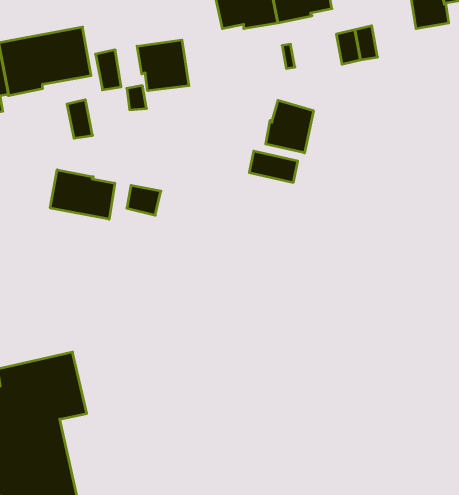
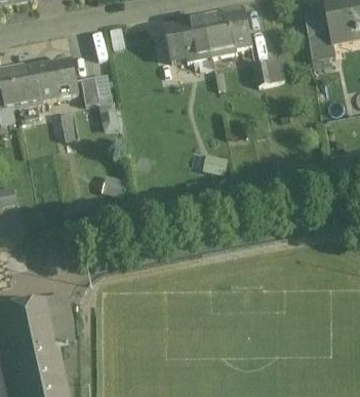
building: [137,40,189,91] -> none
building: [266,100,313,153] -> none
building: [50,170,115,219] -> none

